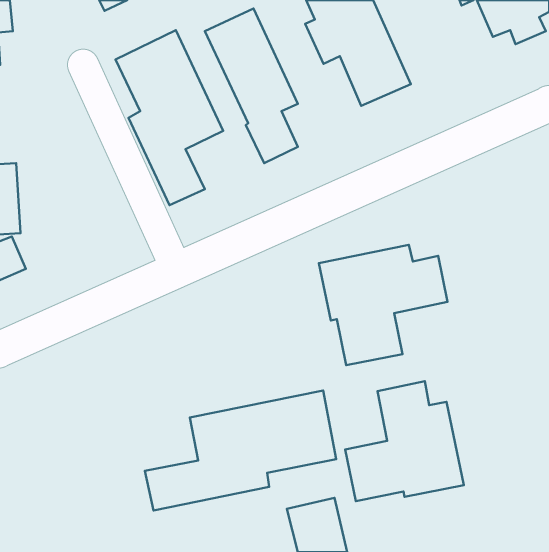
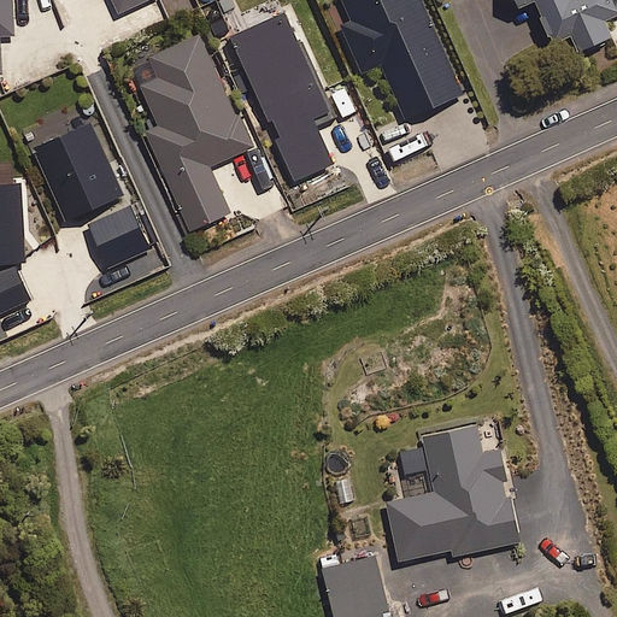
building: none -> [33,122,147,268]
building: [319,245,448,365] -> none
building: [145,391,336,511] -> none

